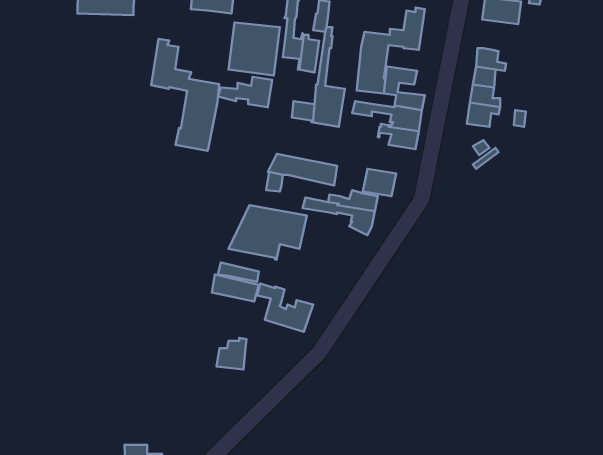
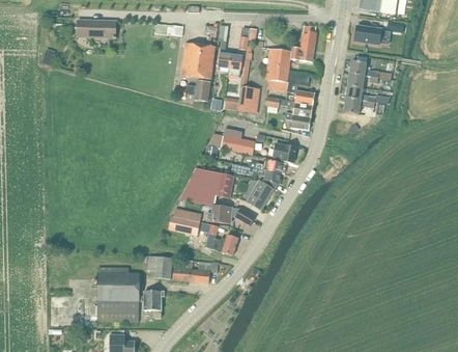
building: [151,39,219,151] -> none
building: none -> [247,181,274,210]
building: none -> [206,205,256,225]
building: none -> [147,255,173,278]
building: none -> [191,261,218,282]
building: none -> [97,268,161,322]

